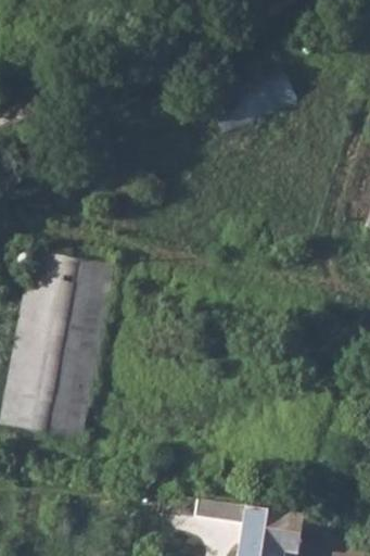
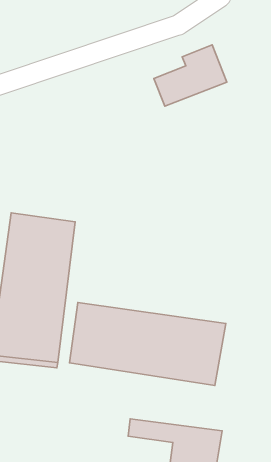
building: none -> [70,303,226,386]

